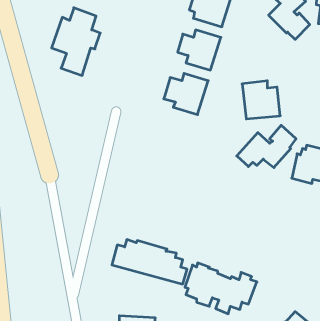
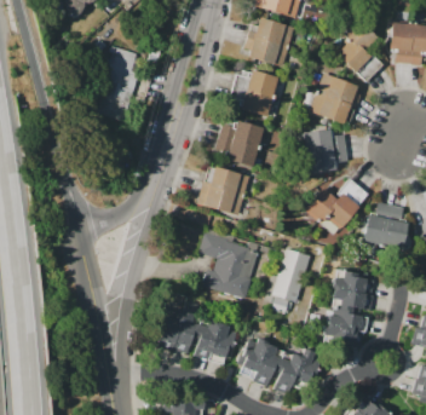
building: none -> [310,74,361,125]
building: none -> [197,165,251,215]
building: none -> [198,232,259,298]
building: none -> [269,248,311,315]
building: none -> [322,270,374,348]

